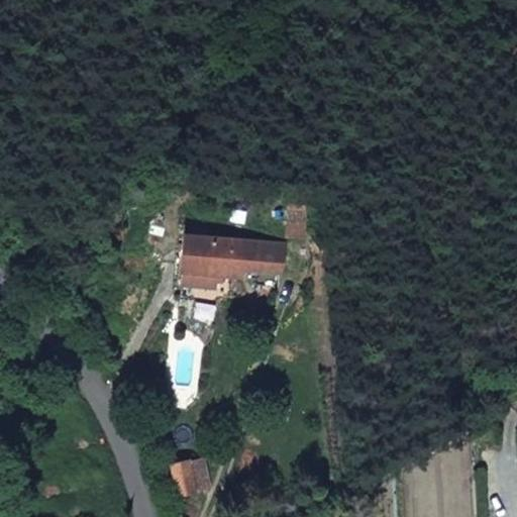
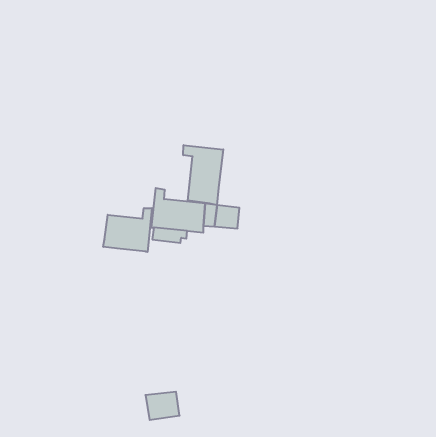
building: none -> [183,145,223,205]
building: none -> [103,208,152,252]

